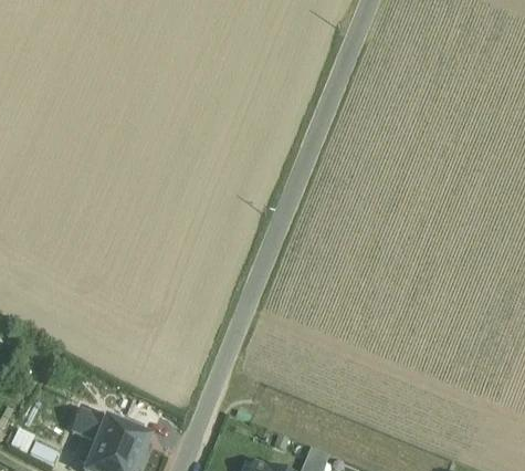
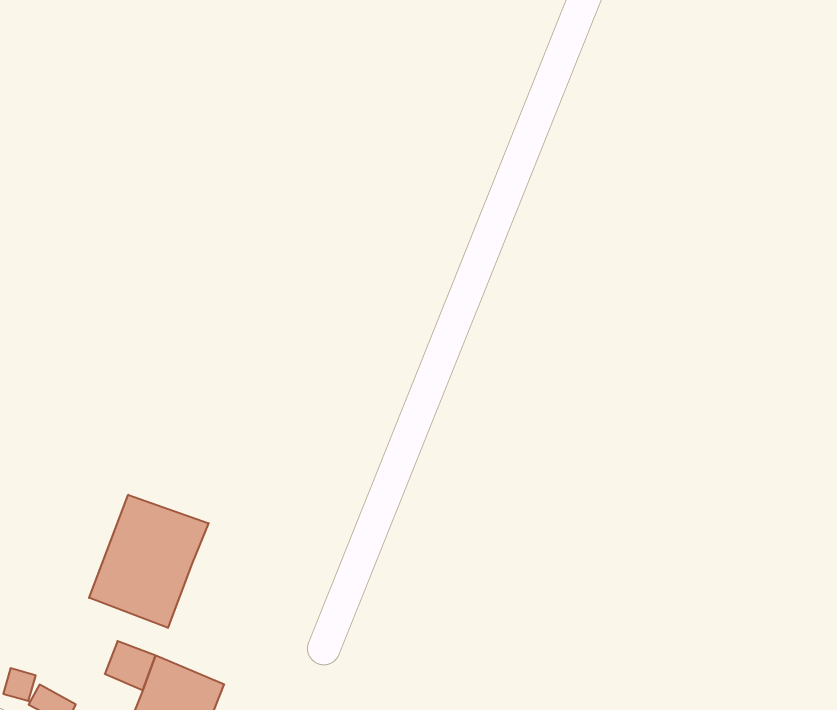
building: none -> [89,495,209,628]

